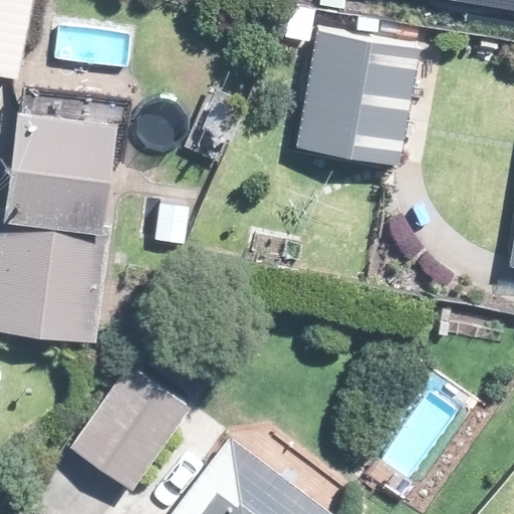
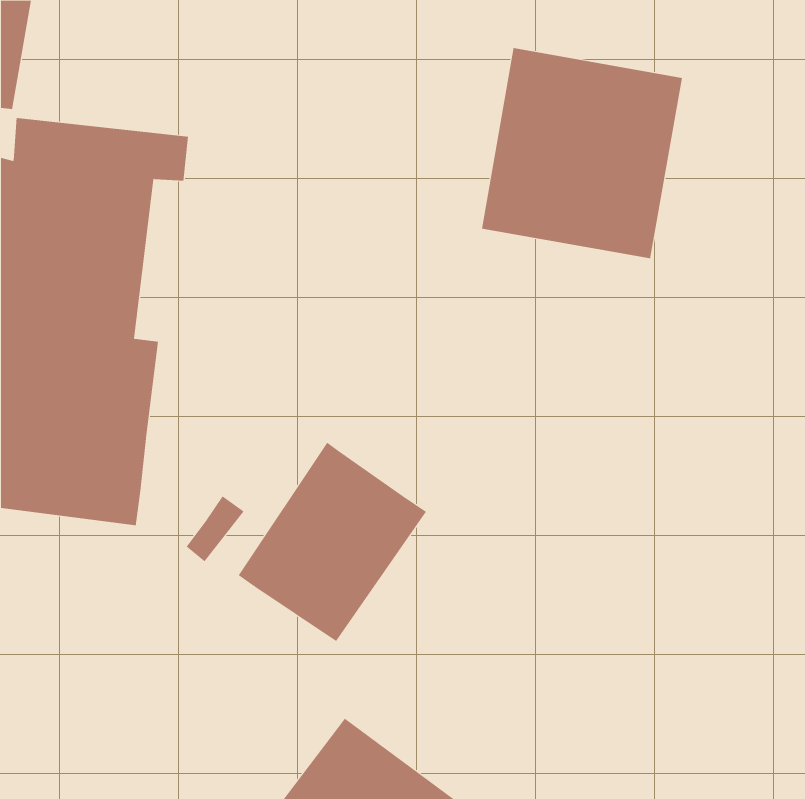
building: [67,363,187,490] -> [238,442,427,642]

